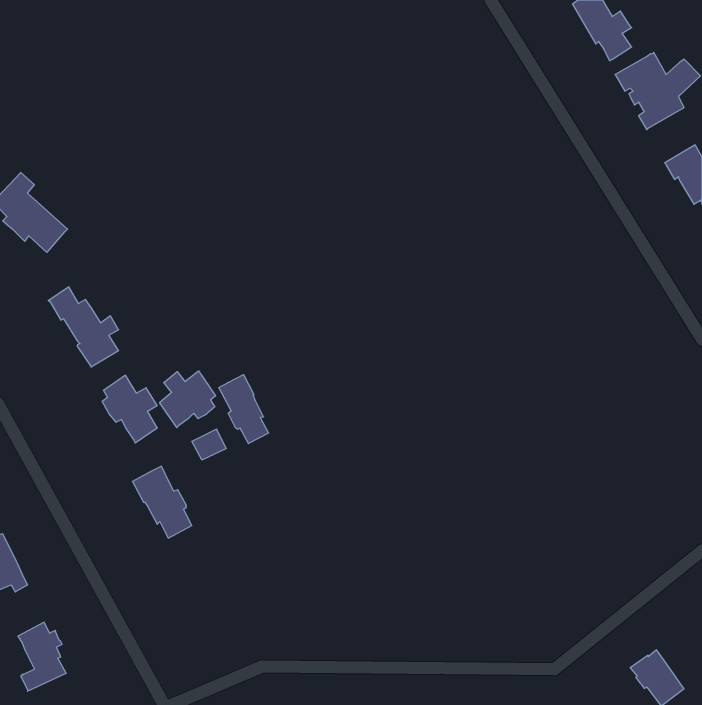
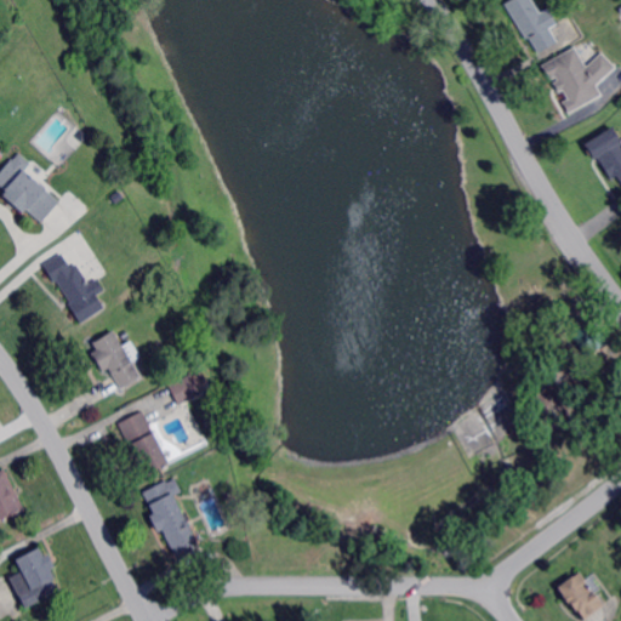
building: [160,371,216,428] -> none
building: [219,375,269,444] -> none
building: none -> [142,478,196,553]

